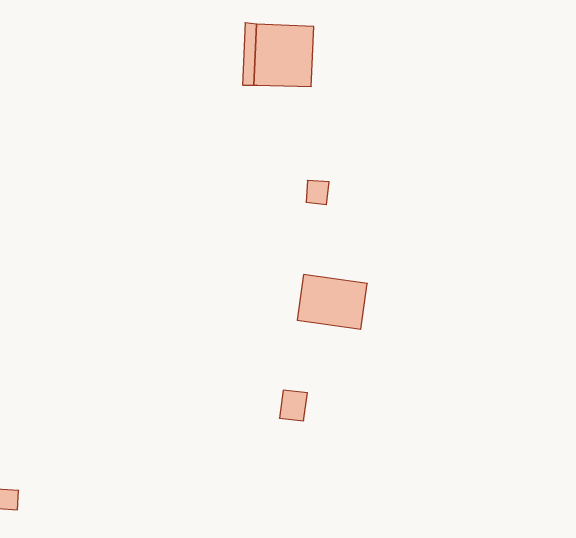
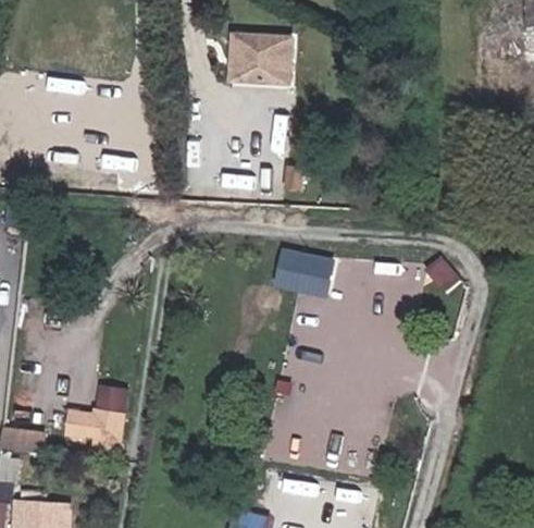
building: none -> [65,385,132,443]

